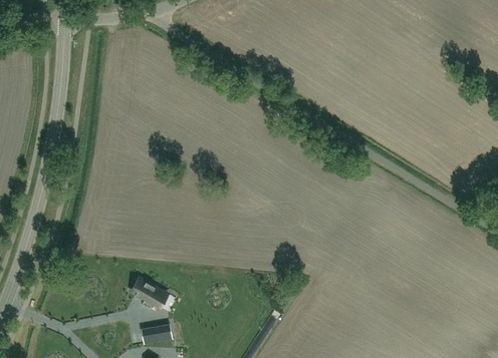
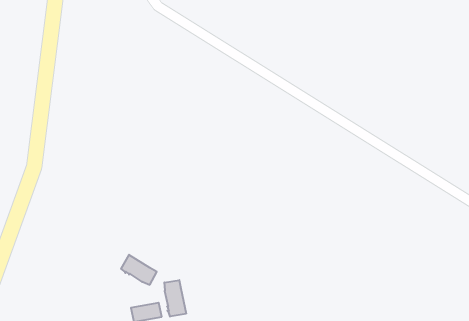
building: none -> [164,280,186,317]

